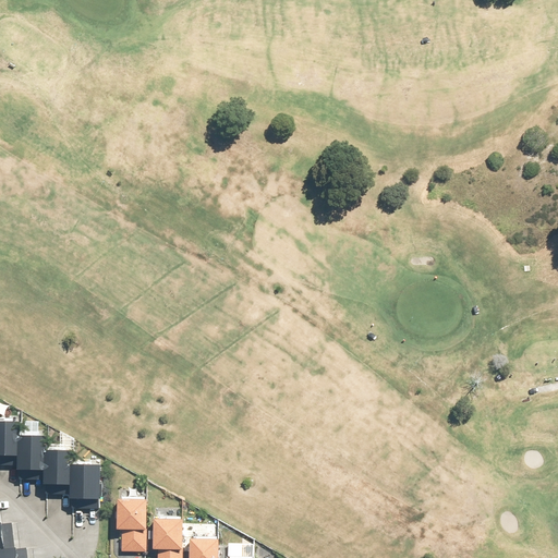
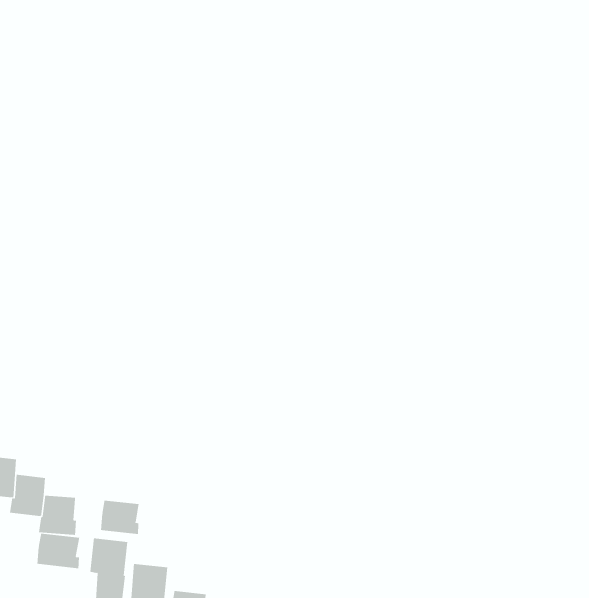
building: none -> [101,500,139,535]
building: none -> [37,533,80,569]

